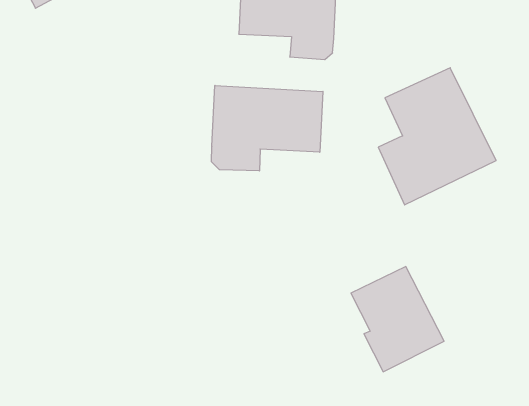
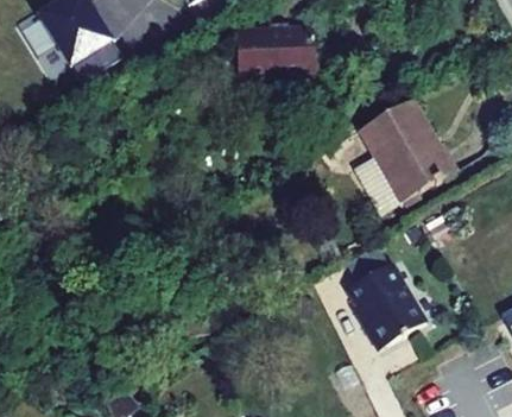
building: [211,85,323,171] -> none

